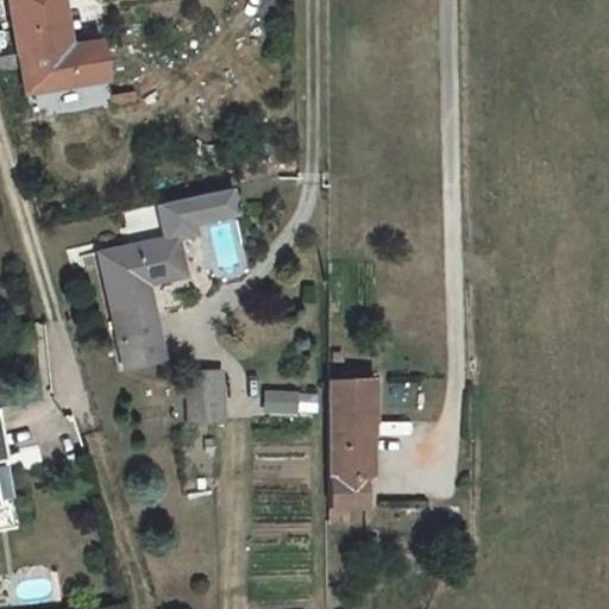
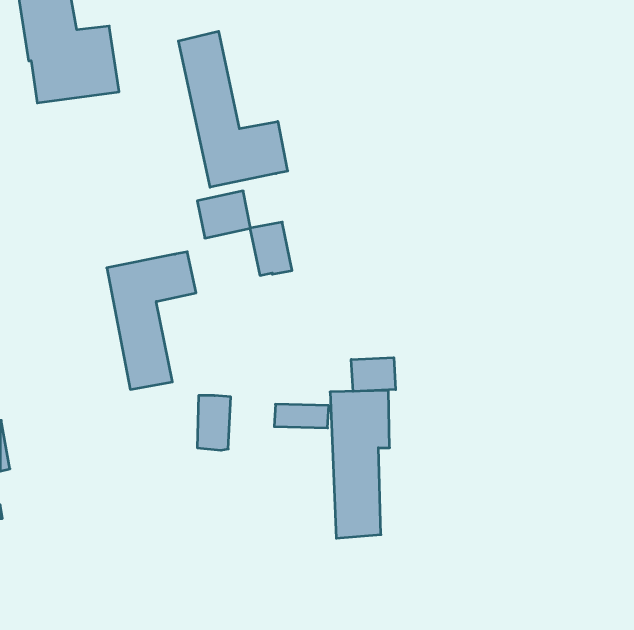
building: none -> [178,31,288,187]
building: [158,193,199,244] -> [250,222,292,275]
building: none -> [351,358,396,391]

